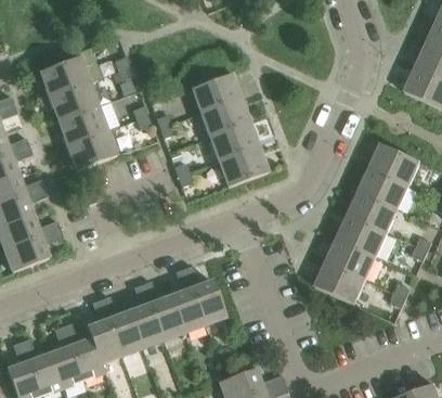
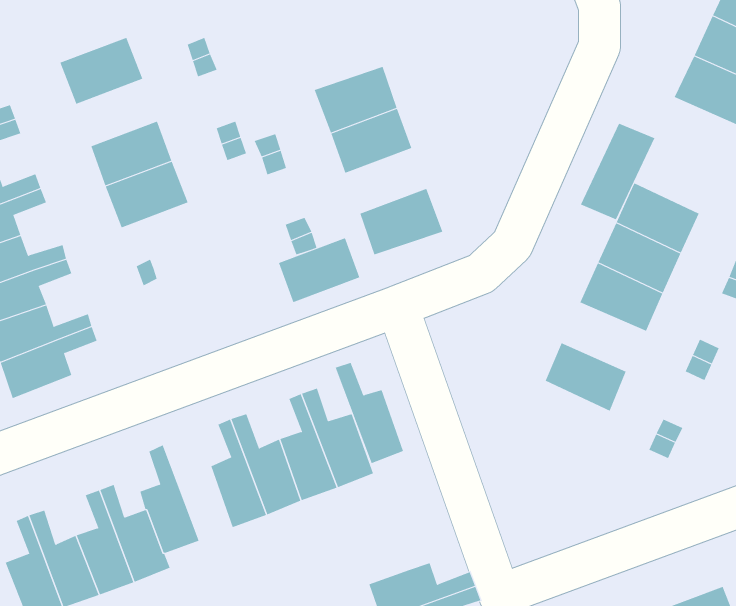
building: [48,80,96,120] -> none
building: none -> [580,123,655,220]
building: [208,121,257,161] -> [278,237,360,303]
building: [337,214,388,255] -> none
building: [315,260,366,304] -> none
building: [100,295,141,356] -> [335,362,404,464]

